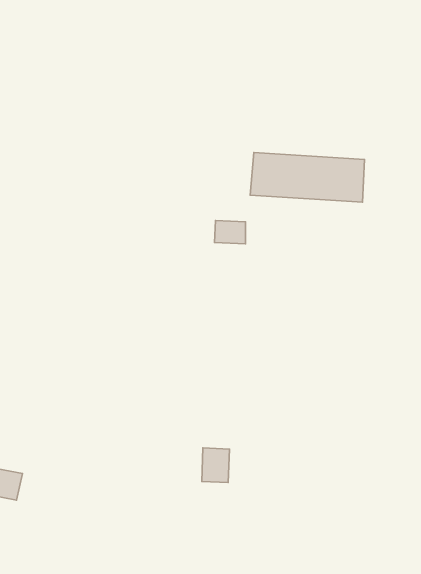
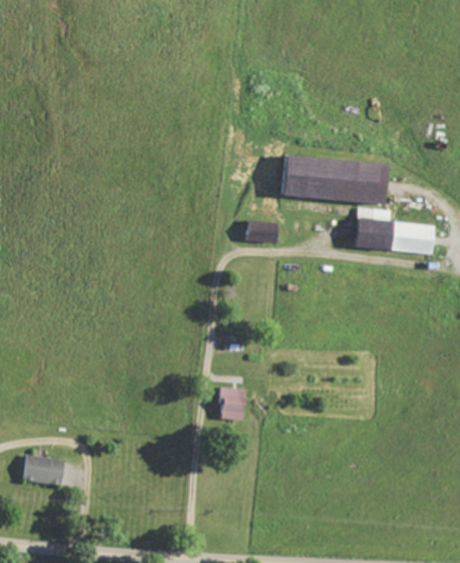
building: none -> [357,207,435,253]
building: [202,448,229,483] -> [219,387,245,420]

